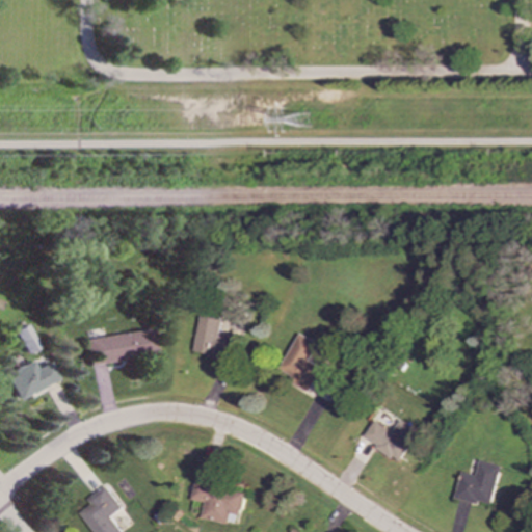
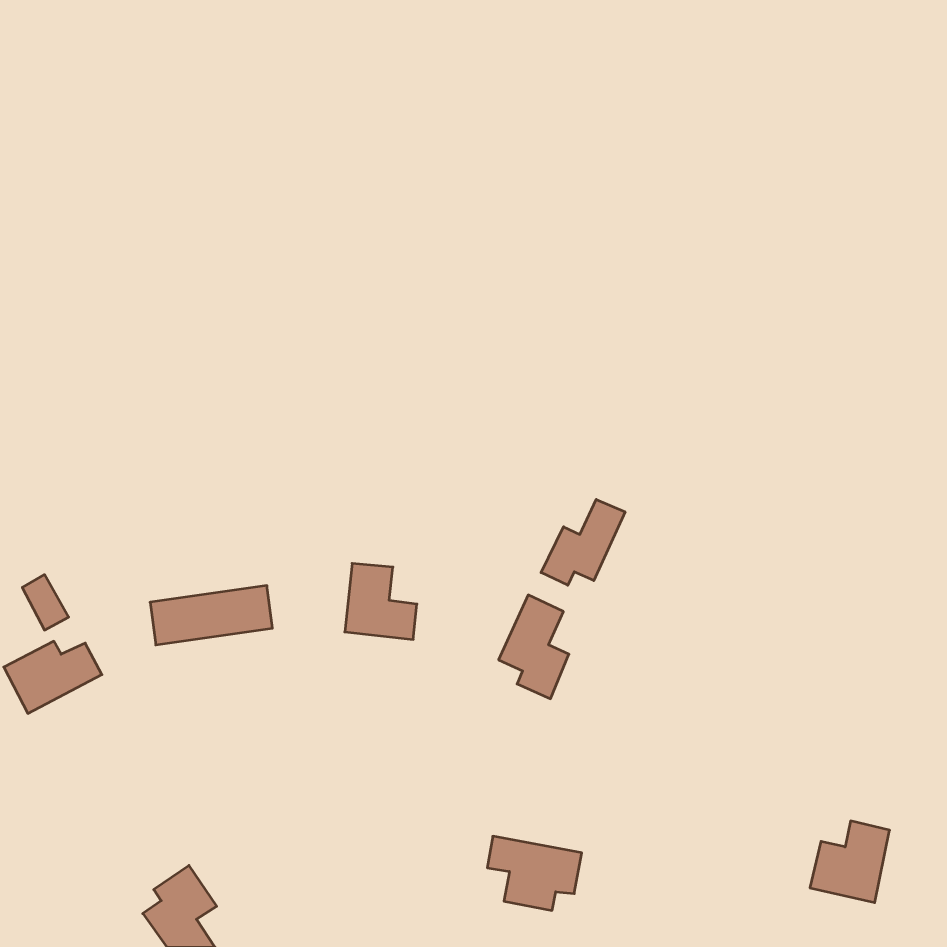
building: none -> [541,499,625,585]
building: [362,419,417,461] -> none
building: [190,482,243,524] -> [487,836,582,910]

